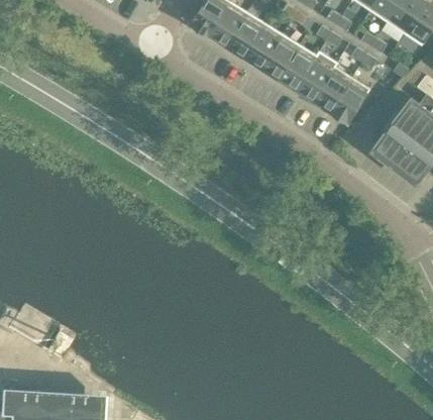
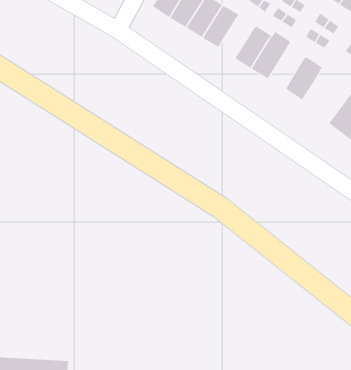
building: [258,33,298,79] -> none
building: [311,67,350,111] -> none

